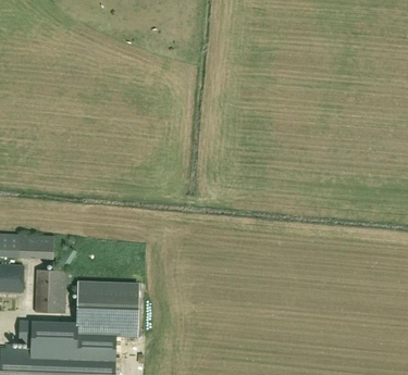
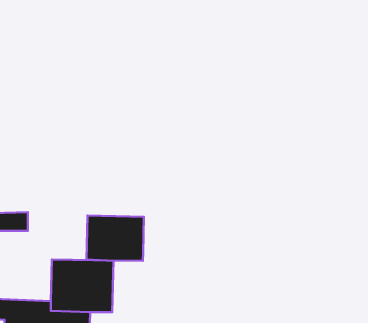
building: none -> [87,215,144,261]
building: [33,268,65,312] -> none

